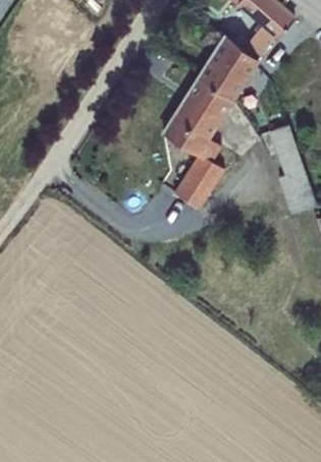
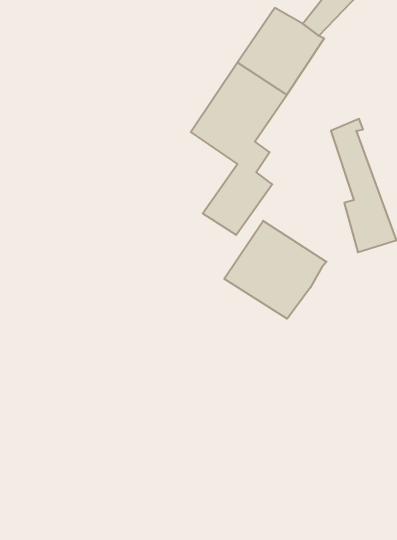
building: none -> [224,221,327,319]

